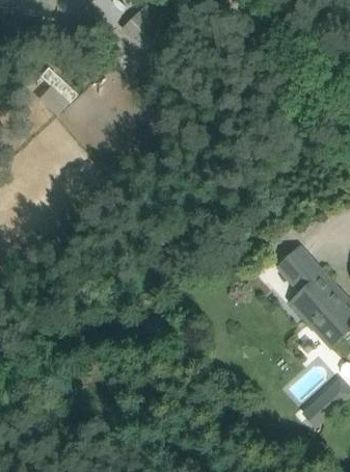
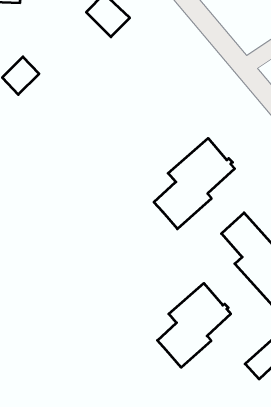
building: none -> [154,138,235,229]
building: none -> [157,283,231,367]

